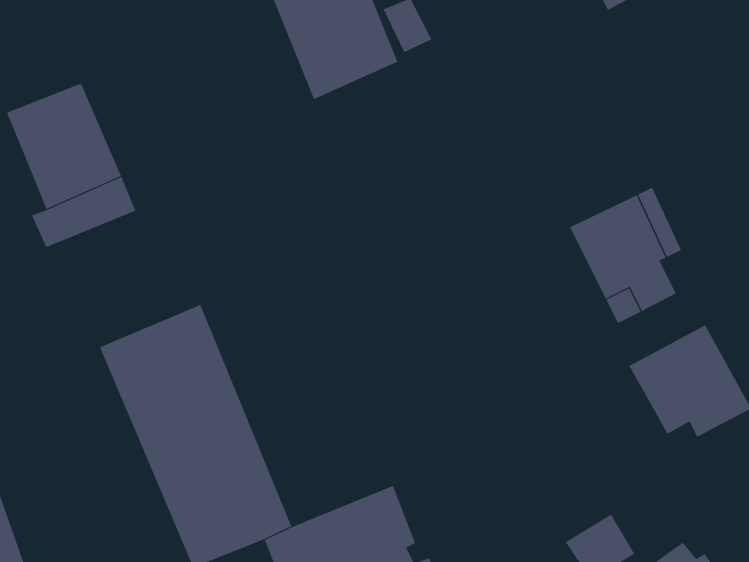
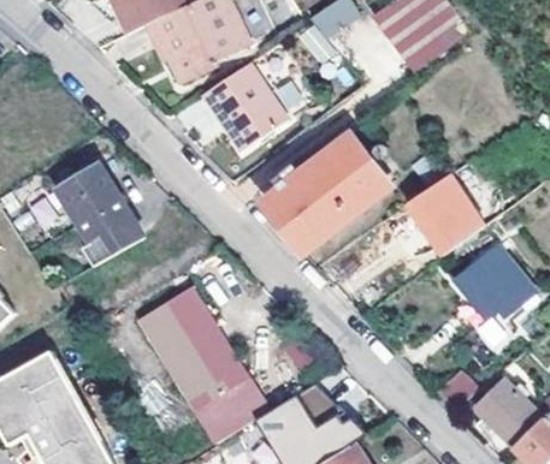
building: none -> [266,135,390,249]

